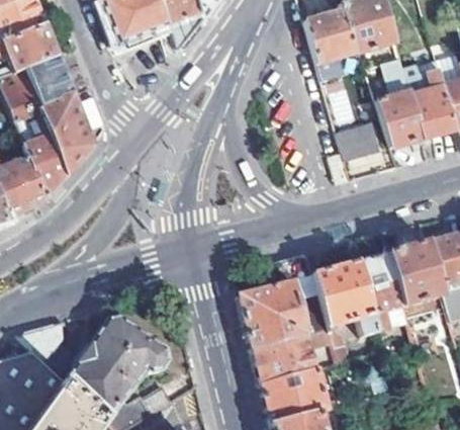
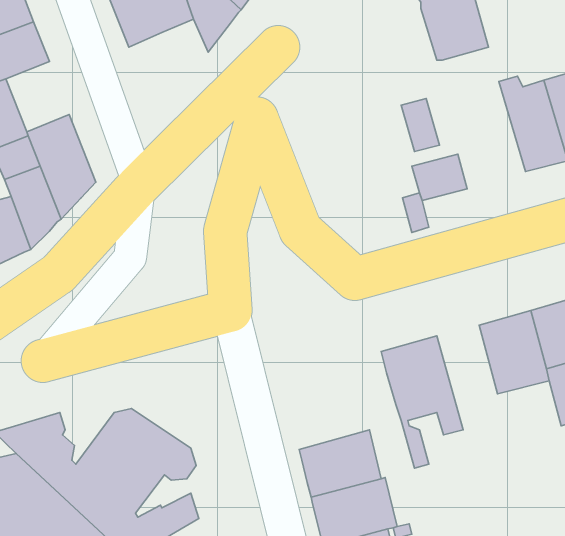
building: [307,12,364,63] -> none
building: [26,53,75,106] -> none
building: [375,58,424,147] -> none
building: [356,254,402,334] -> none
building: [238,255,329,349] -> none

